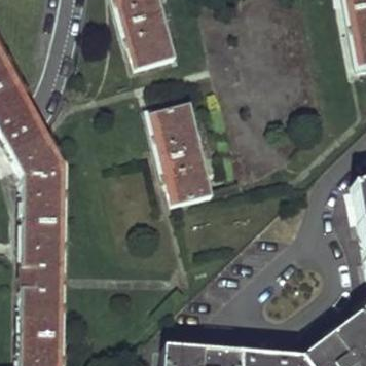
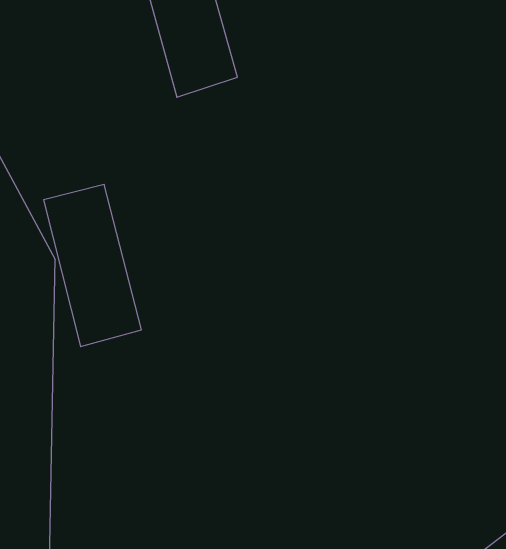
building: [152,102,212,200] -> [44,185,141,347]

